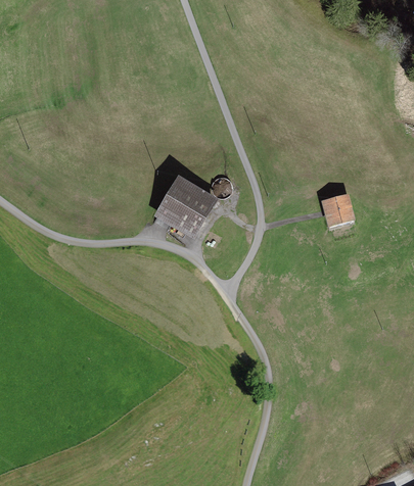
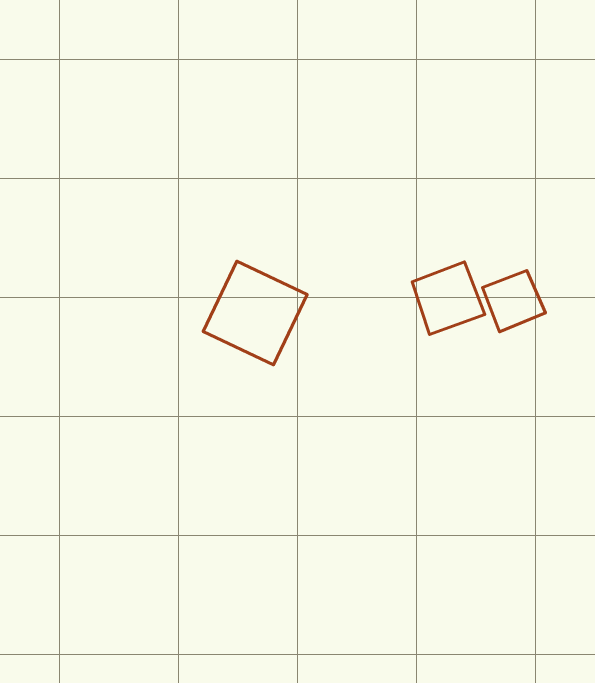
building: none -> [412,262,485,335]

